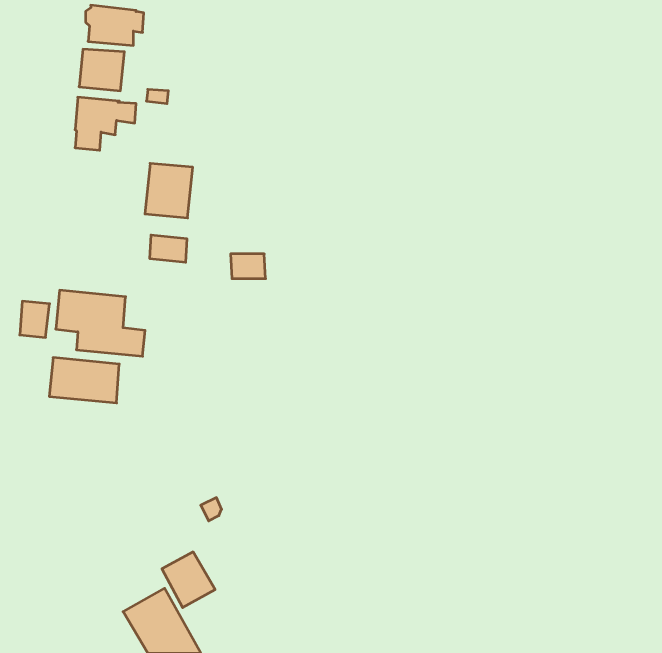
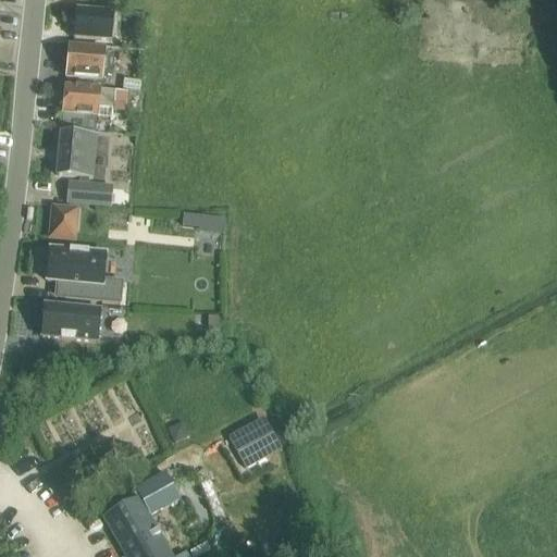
building: [145,163,193,218] -> [57,128,97,174]
building: [150,235,187,262] -> [67,178,99,201]
building: [20,301,50,337] -> [51,205,76,235]
building: none -> [228,421,268,463]

